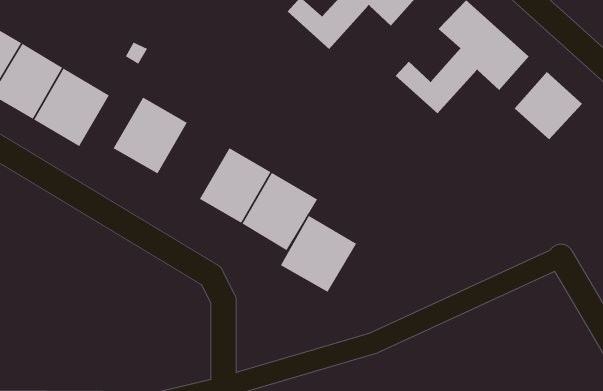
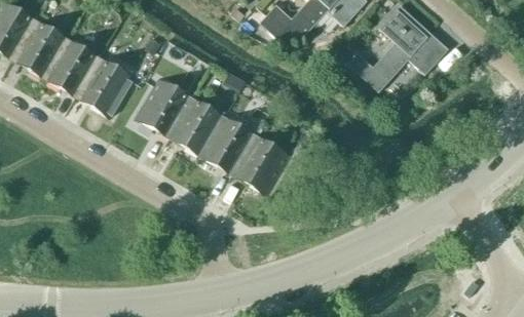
building: [514,71,583,140] -> none
building: none -> [170,98,223,156]
building: [280,215,357,293] -> none

